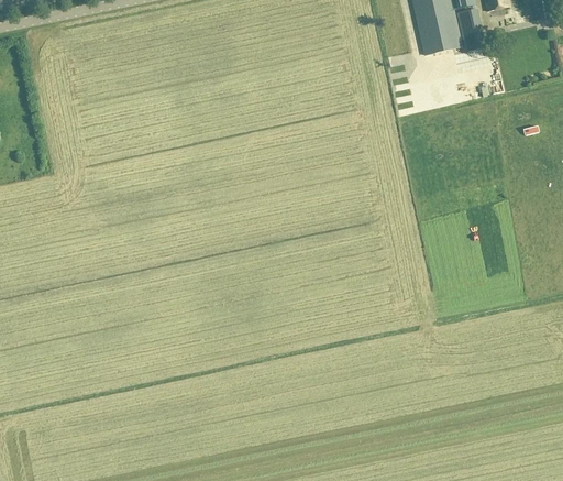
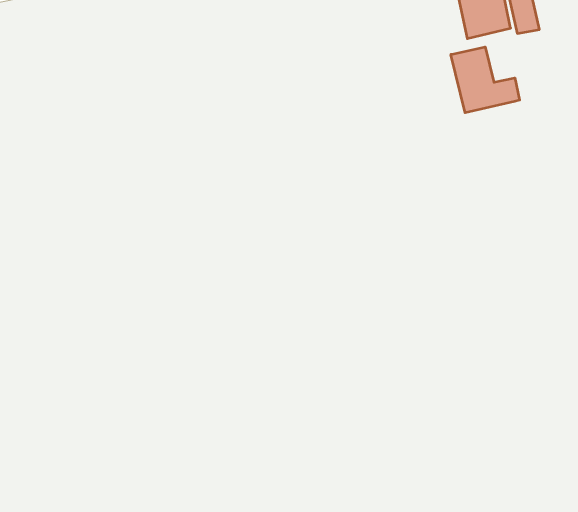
building: none -> [451,47,520,113]

